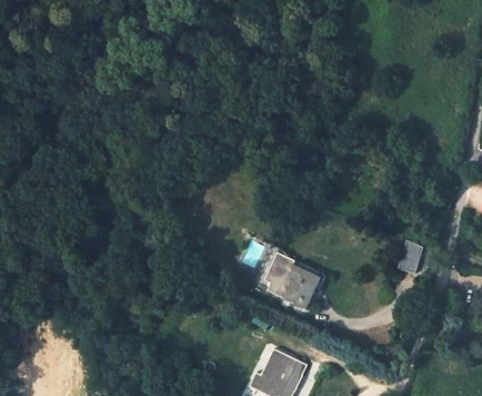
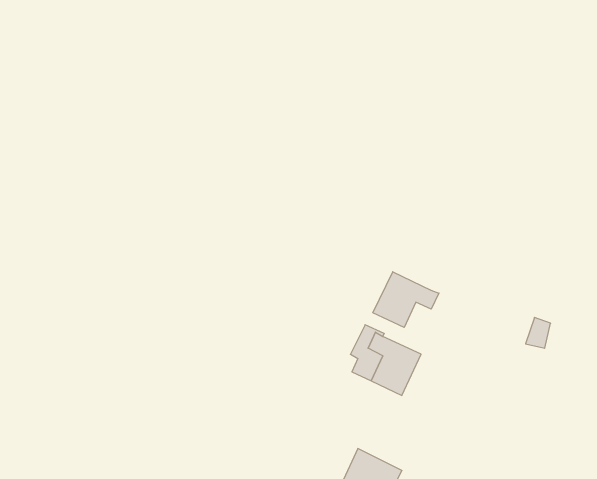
building: none -> [373,272,439,327]

